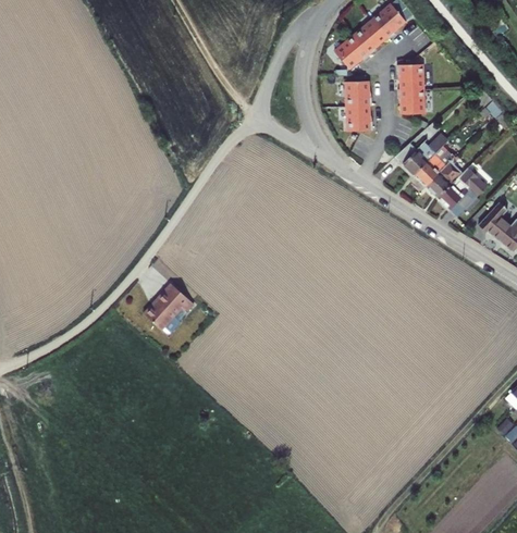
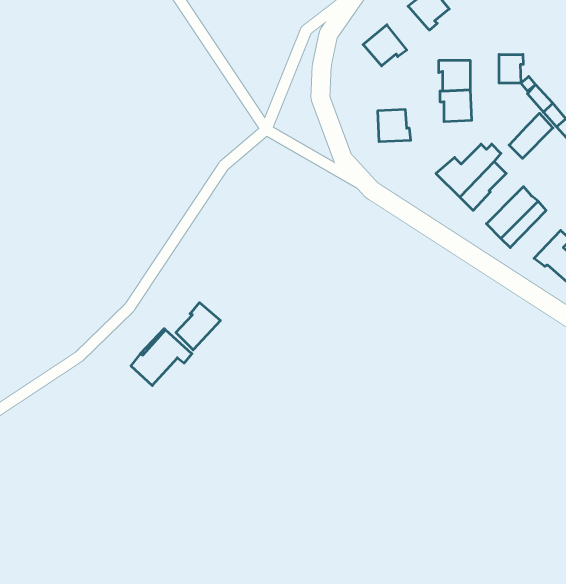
building: [355,20,387,55] -> none
building: none -> [499,54,523,83]
building: [346,80,373,106] -> none
building: [426,161,461,198] -> [509,113,553,158]
building: none -> [176,303,220,350]

